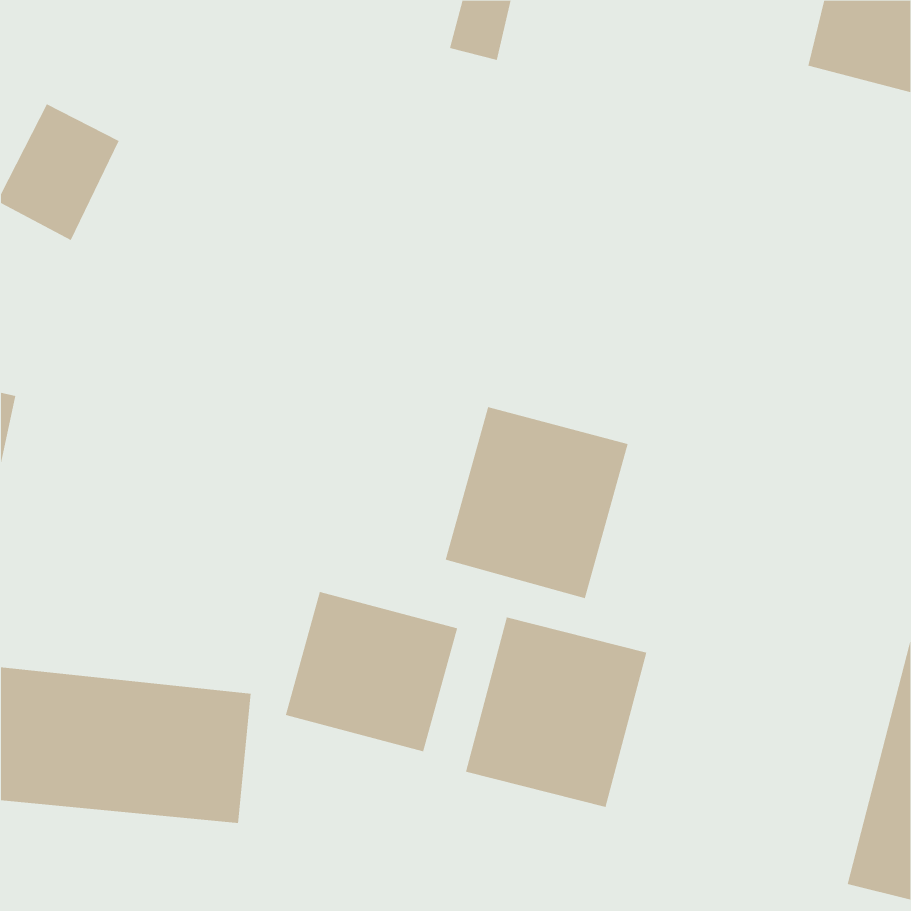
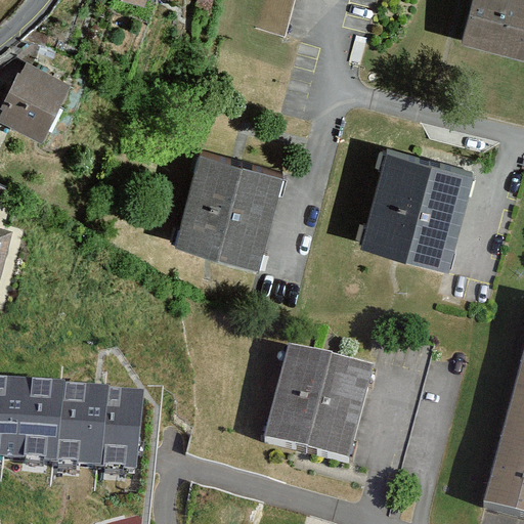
building: none -> [366,150,470,262]
building: [445,406,628,599] -> [176,151,281,262]
building: [285,591,458,752] -> none

